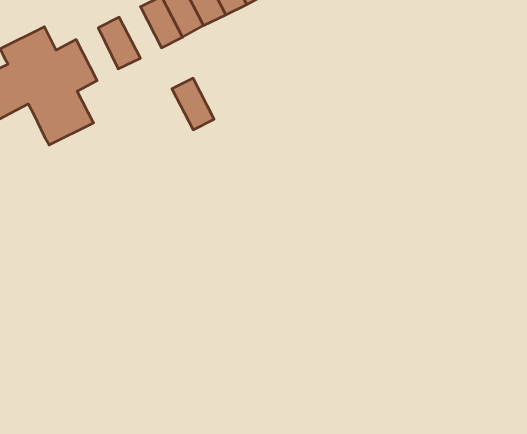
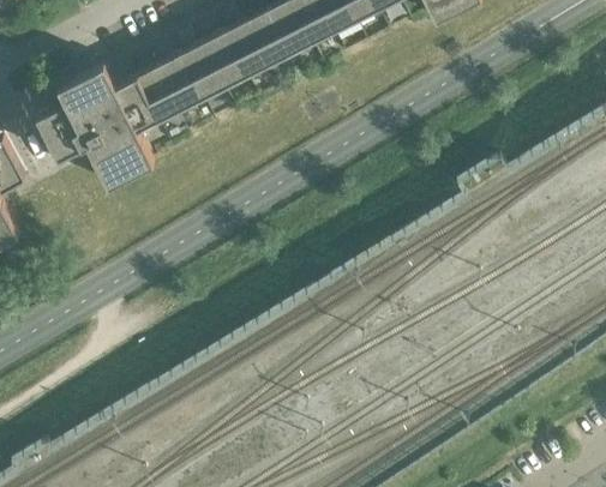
building: none -> [134,68,178,122]
building: [172,78,214,130] -> [179,47,222,100]

